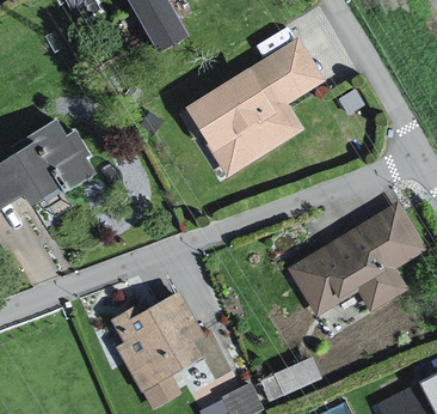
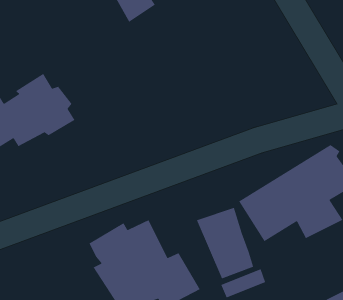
building: [183,41,324,179] -> none
building: none -> [196,207,254,280]

